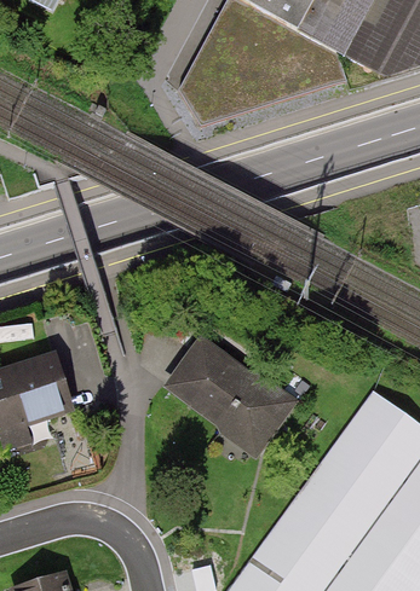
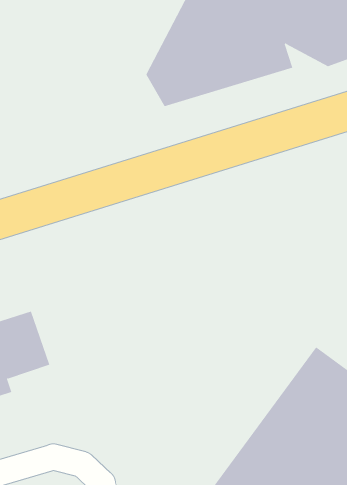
building: [165,335,300,459] -> none

